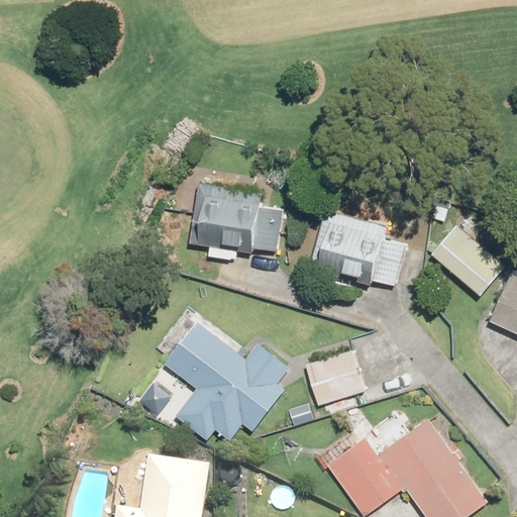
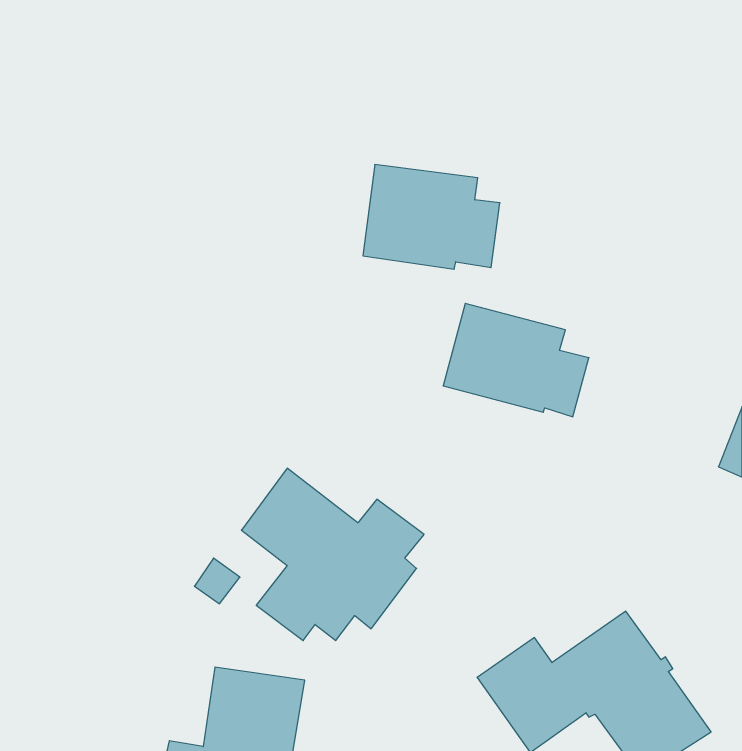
building: [181,182,275,253] -> [363,165,500,269]
building: [431,226,505,297] -> none
building: [307,354,360,404] -> none

